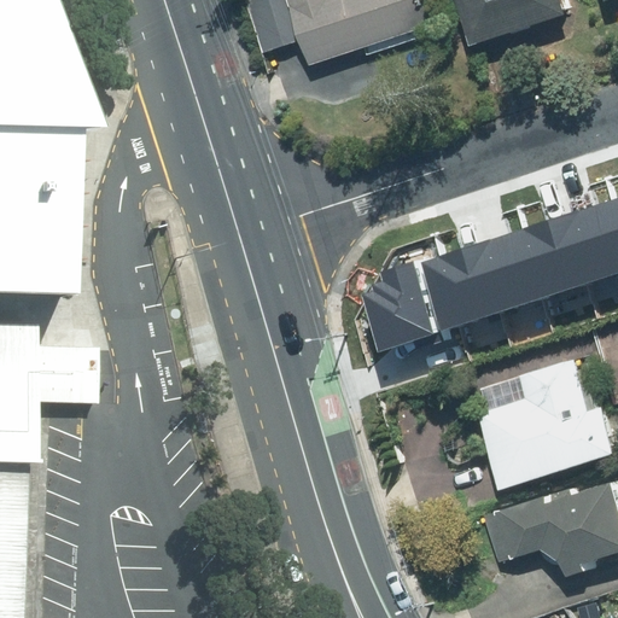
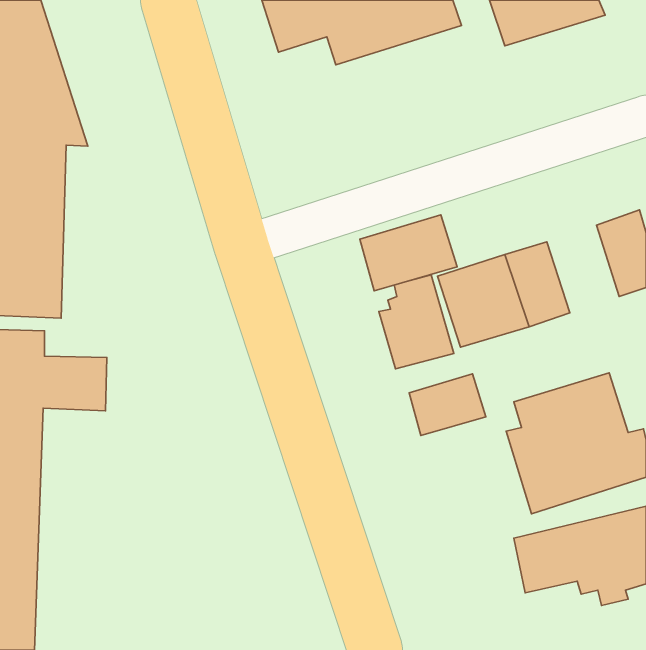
building: none -> [360,215,457,291]
building: [519,214,588,297] -> none
building: none -> [409,374,486,436]

